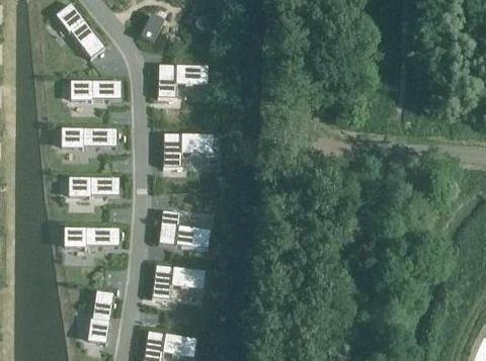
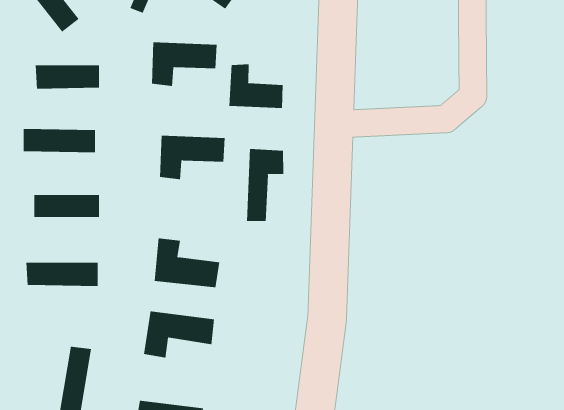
building: none -> [229,64,283,109]
building: none -> [246,148,284,222]

